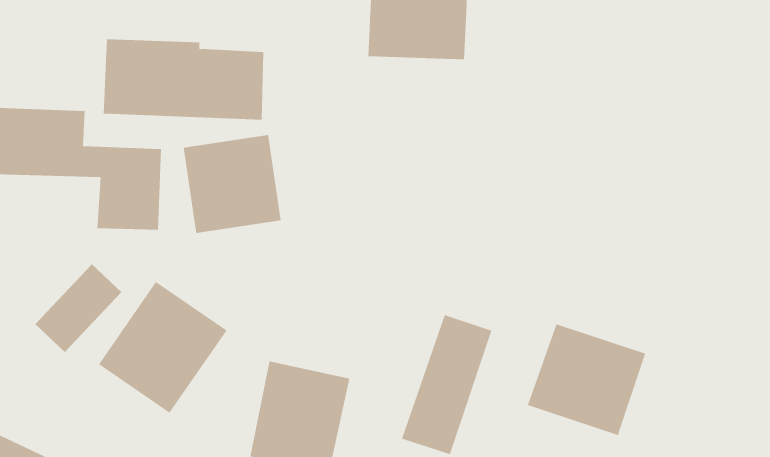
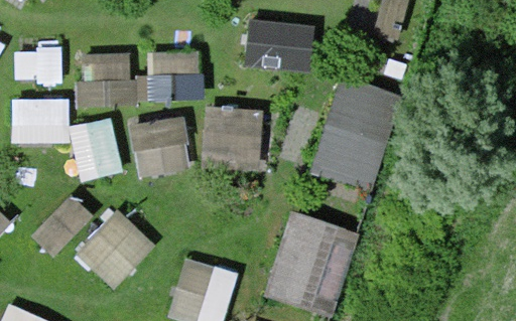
building: none -> [314,75,406,190]
building: none -> [202,107,267,168]
building: [527,324,646,436] -> none

